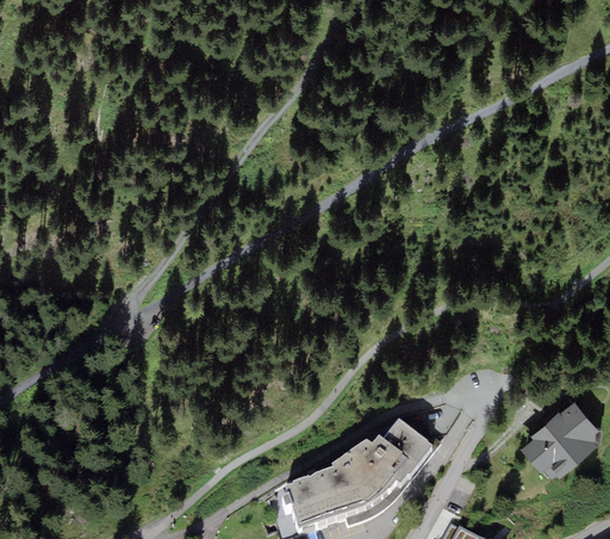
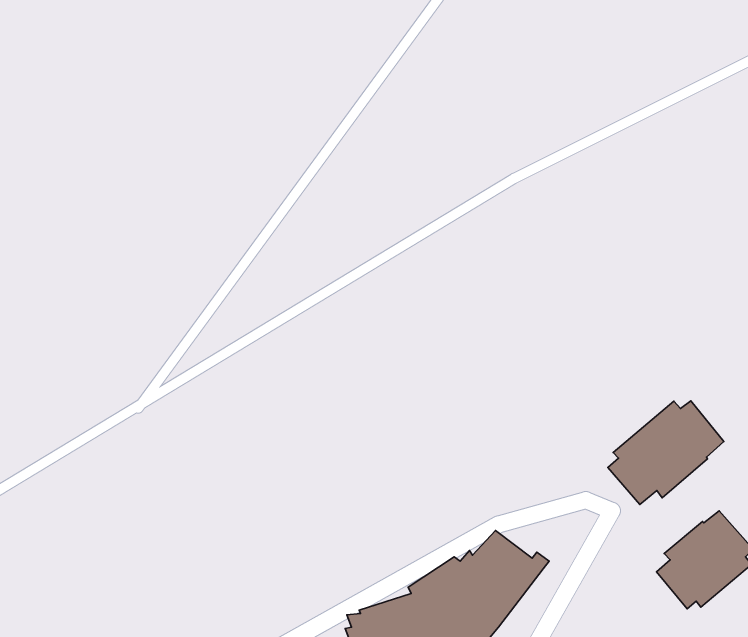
building: none -> [608,401,724,505]

